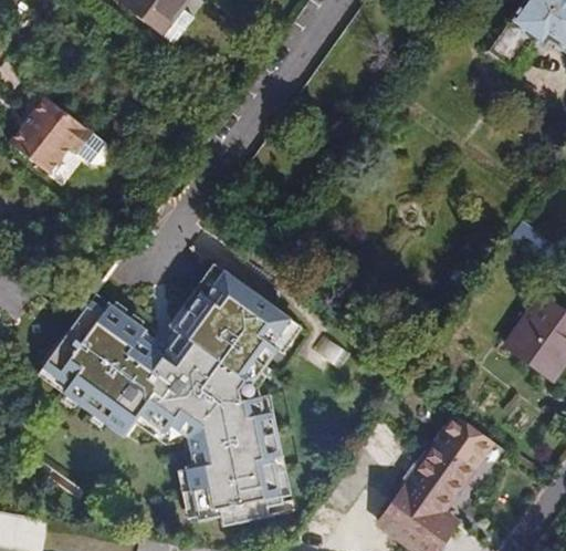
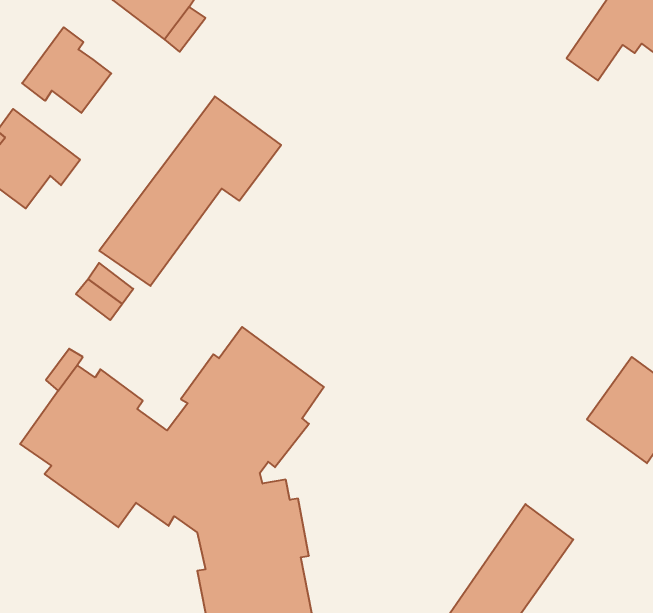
building: none -> [22,27,111,113]
building: none -> [99,96,281,286]

